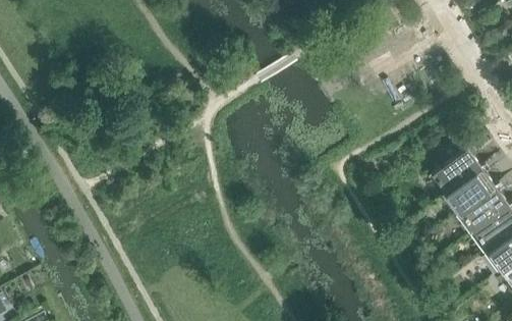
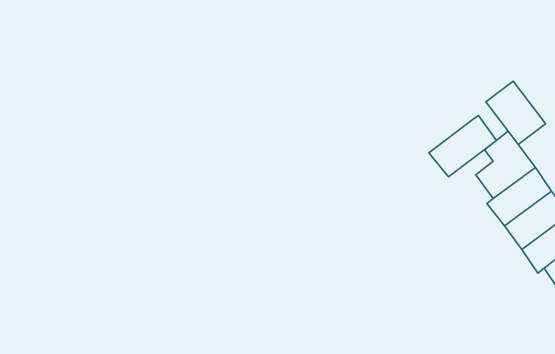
building: none -> [486,81,545,144]
building: none -> [429,116,496,177]

